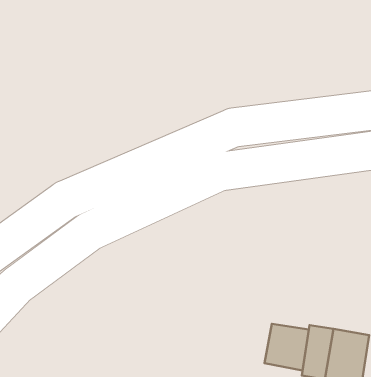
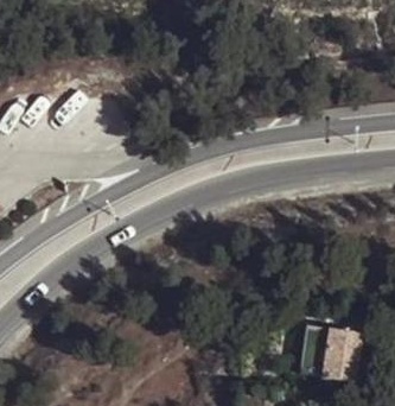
building: [264,324,309,370] -> none

